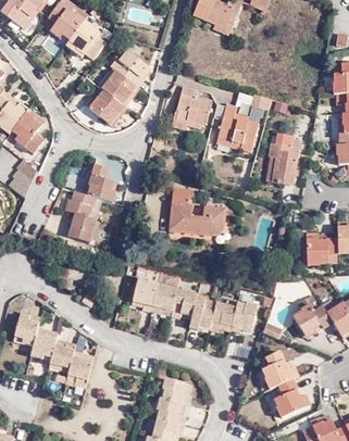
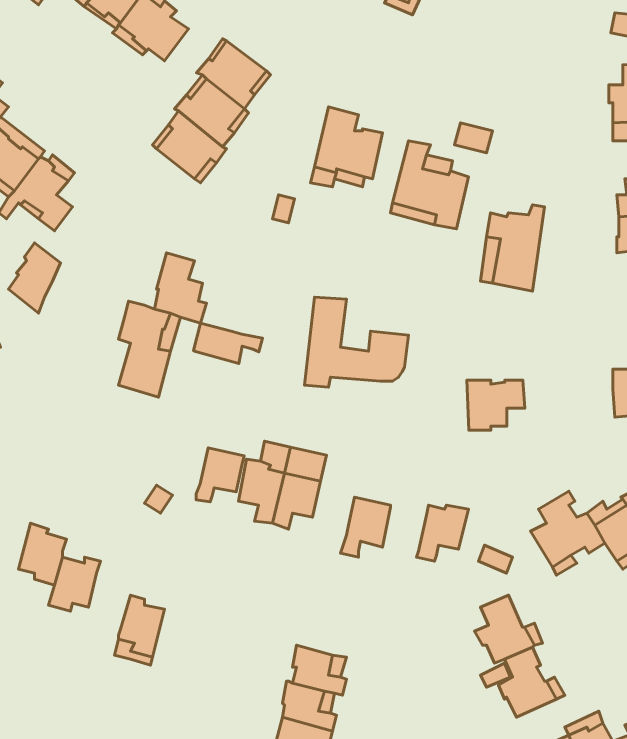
building: none -> [193,323,263,363]
building: [307,238,338,265] -> [467,380,525,430]
building: [172,288,198,317] -> [196,448,244,502]
building: [210,302,236,331] -> none
building: [49,338,76,369] -> none

